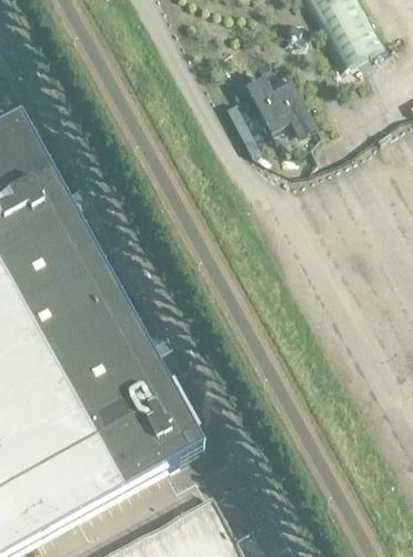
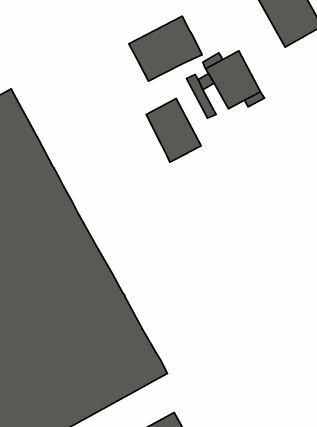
building: none -> [129,16,202,81]
building: none -> [146,99,201,162]

